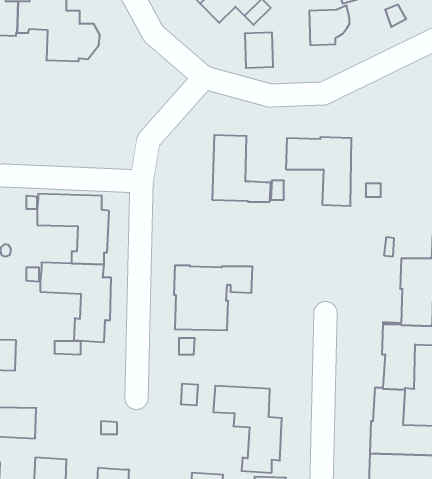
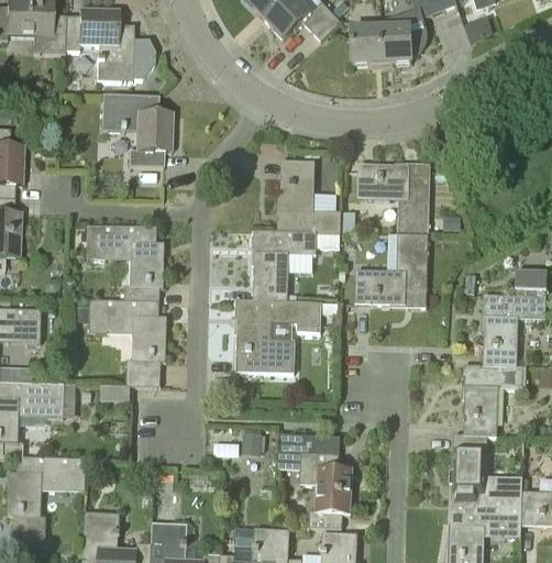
building: [245,32,273,68] -> [353,25,384,64]
building: none -> [101,96,173,165]
building: none -> [236,231,340,305]
building: none -> [355,236,428,308]

